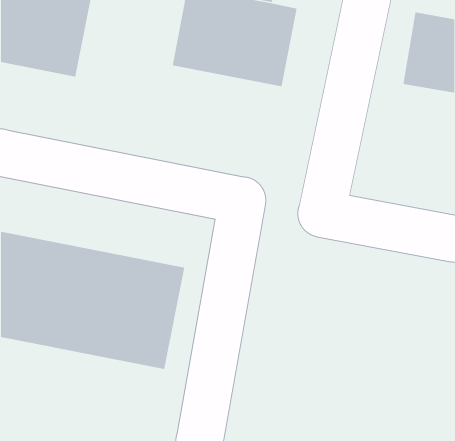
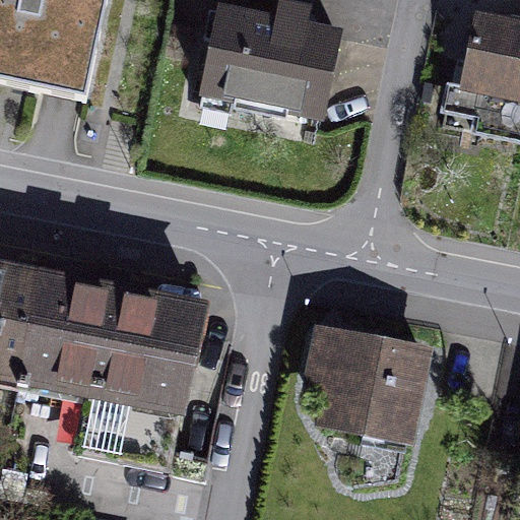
building: none -> [298,329,434,445]

